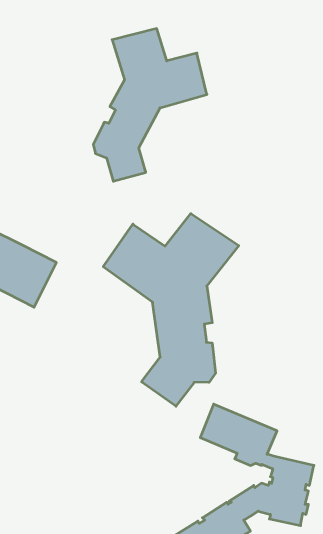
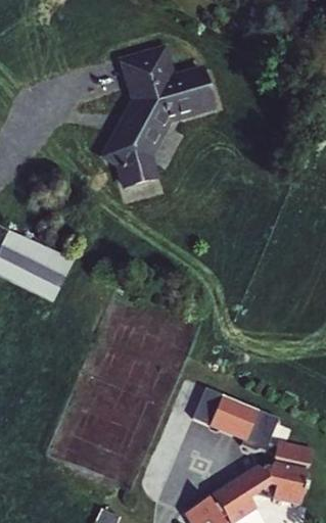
building: [103,214,239,406] -> none

